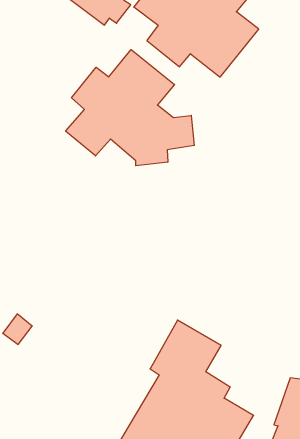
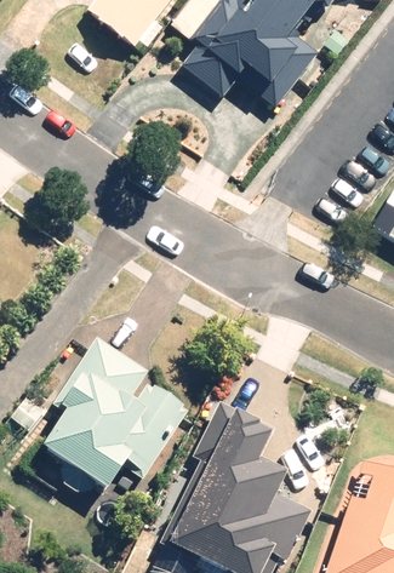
building: [66,50,194,166] -> none
building: none -> [38,336,187,492]

